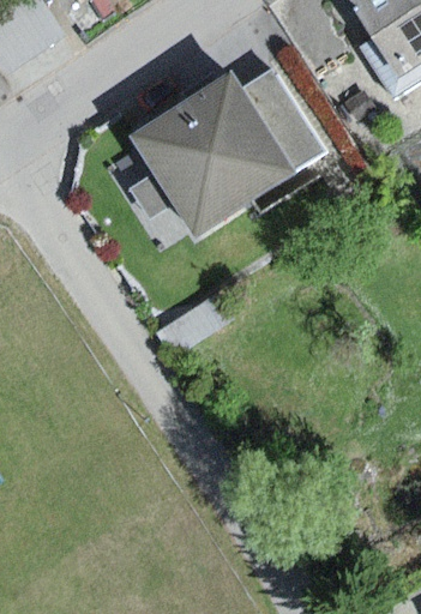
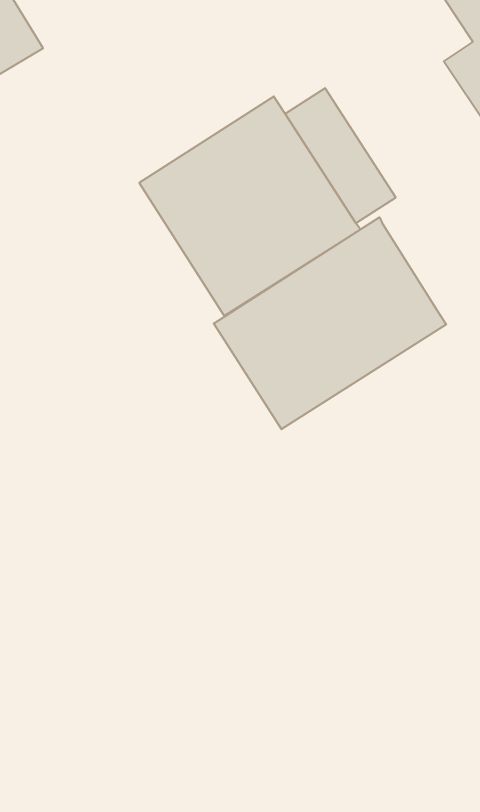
building: none -> [214,217,446,429]

